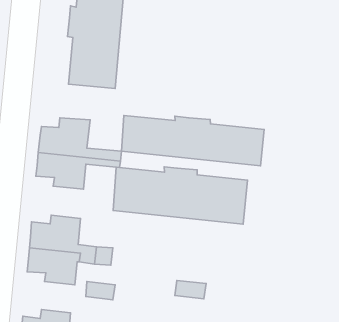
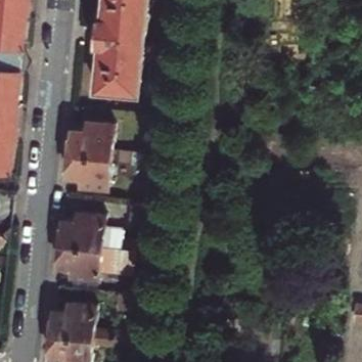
building: [121,115,264,166] -> none
building: [113,167,248,224] -> none

